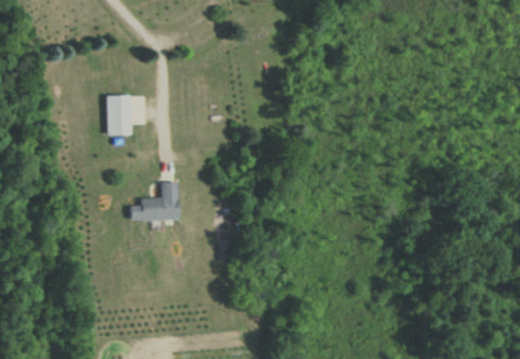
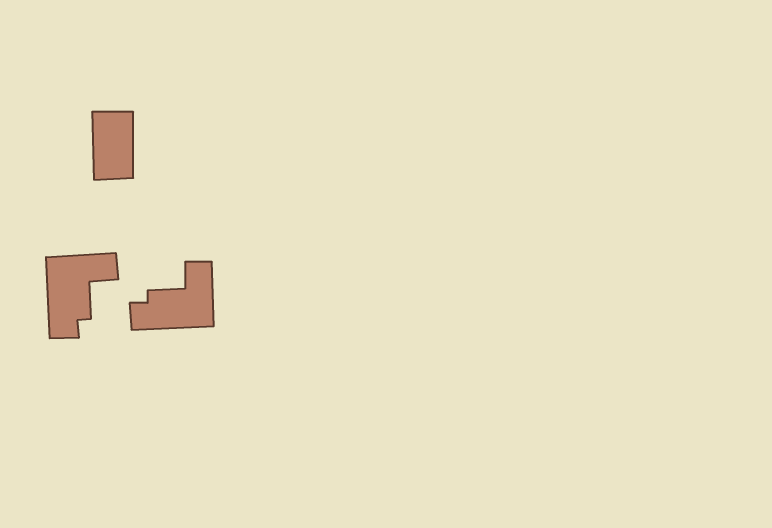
building: none -> [46,253,118,338]

